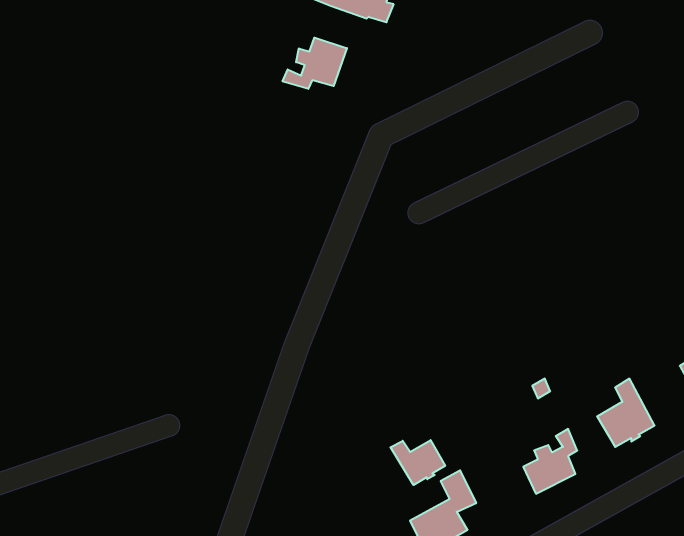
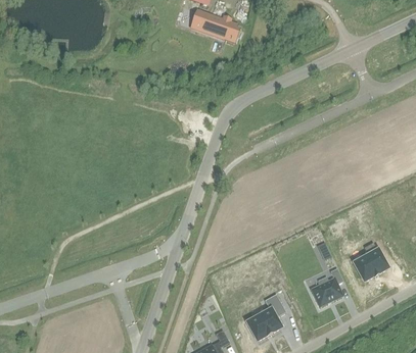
building: [283,38,347,89] -> none
building: [390,440,445,485] -> none

